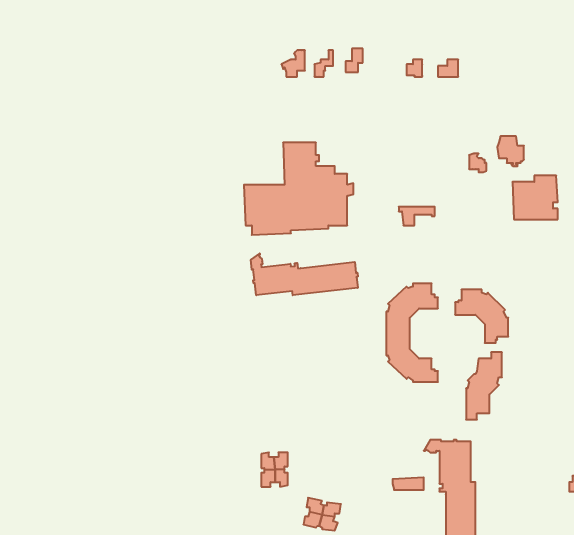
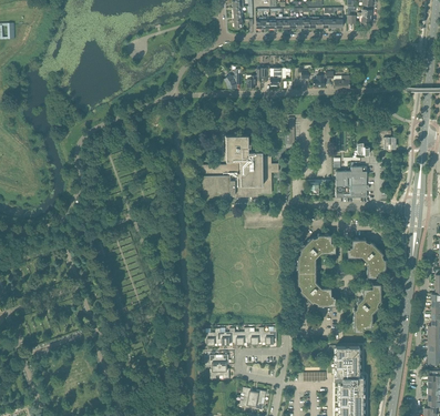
building: [512,176,558,219] -> [335,168,367,199]
building: [251,253,358,295] -> none

